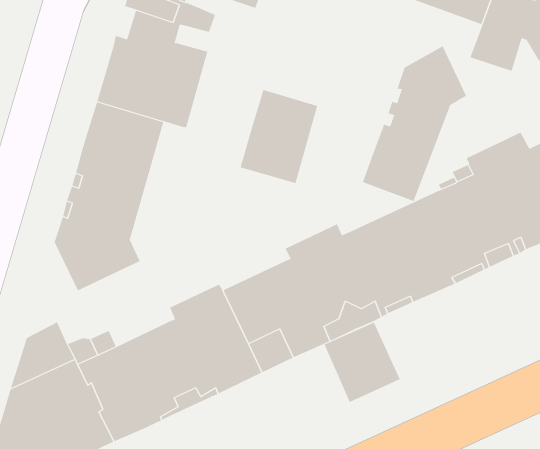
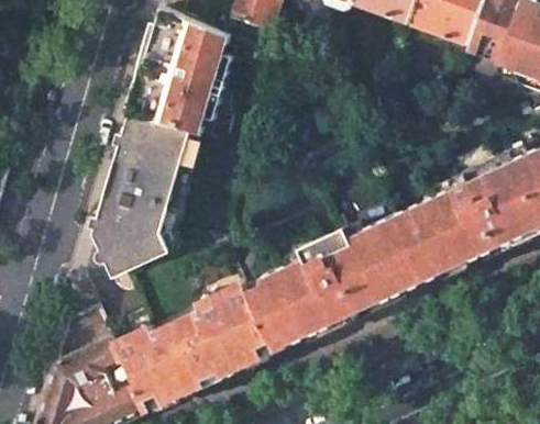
building: [362,45,467,202] -> none
building: [240,89,318,184] -> none
building: [324,322,401,403] -> none

